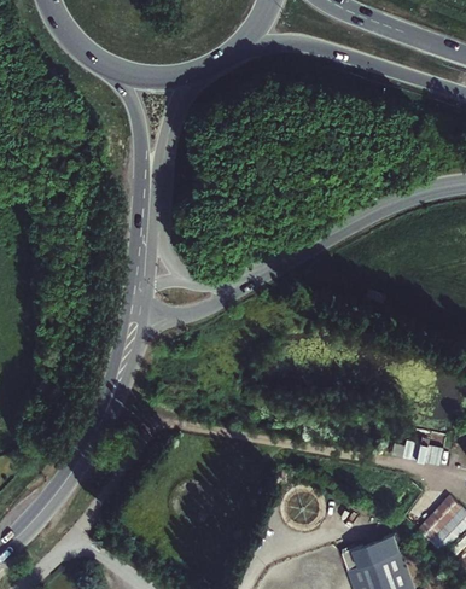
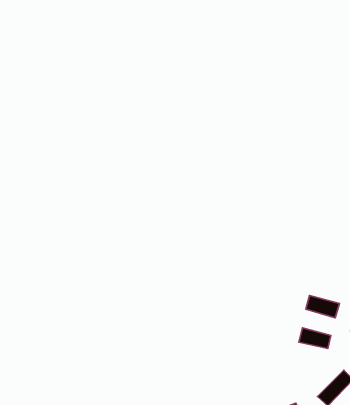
building: none -> [306,295,339,318]

